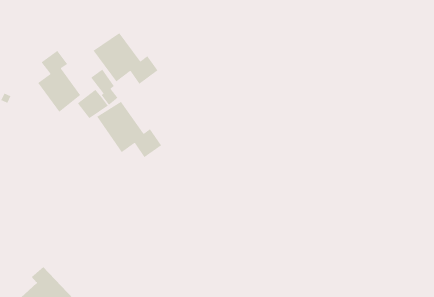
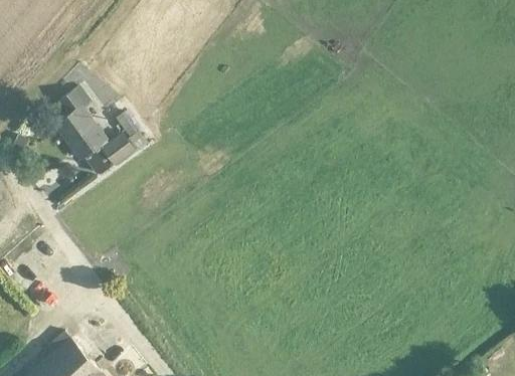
building: [93,32,159,85] -> none
building: [96,101,162,158] -> none

